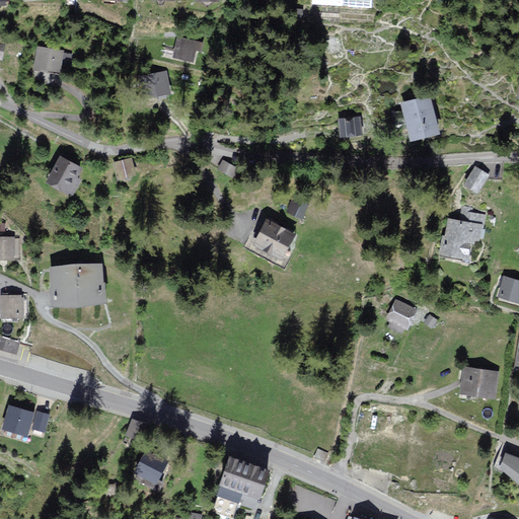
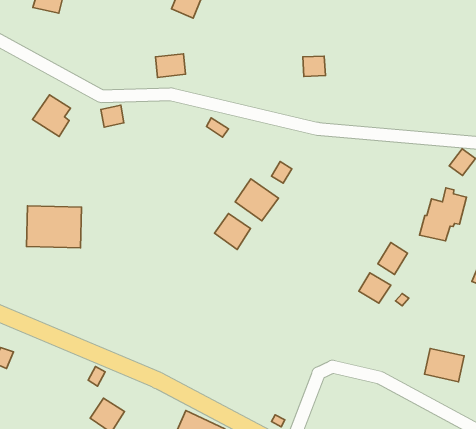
building: [139,71,170,97] -> [155,54,185,78]
building: [400,96,438,139] -> none
building: [338,117,362,139] -> [303,56,325,76]
building: none -> [215,213,251,250]
building: none -> [378,242,407,275]

